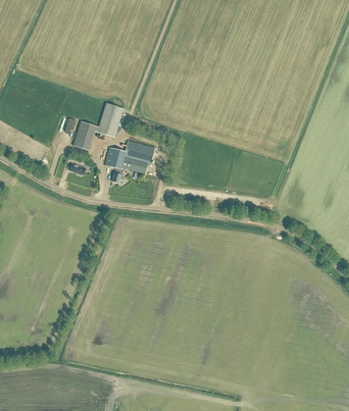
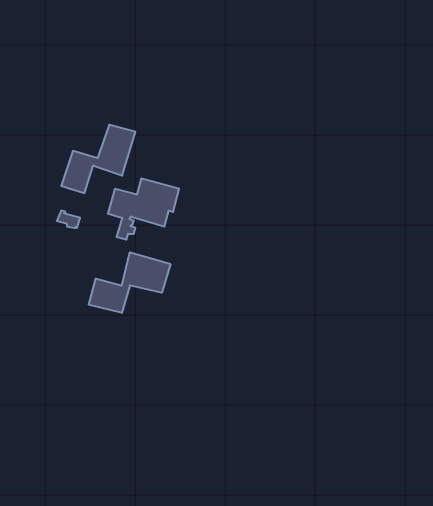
building: none -> [89,252,170,313]

